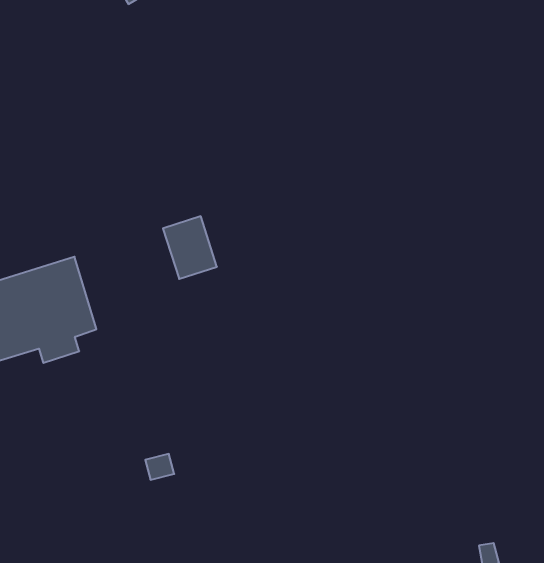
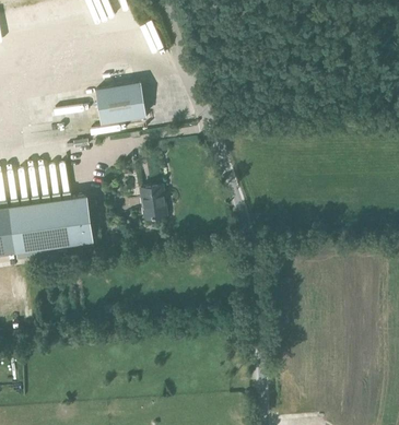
building: none -> [96,84,145,123]

